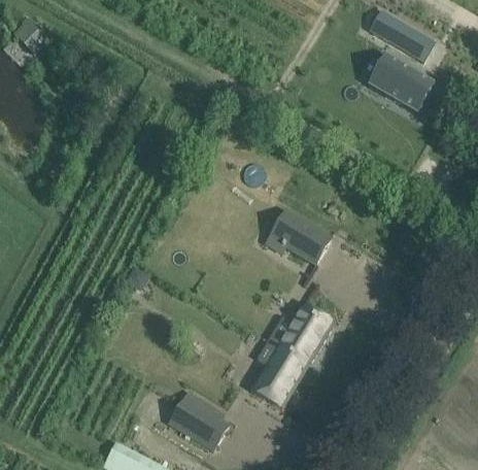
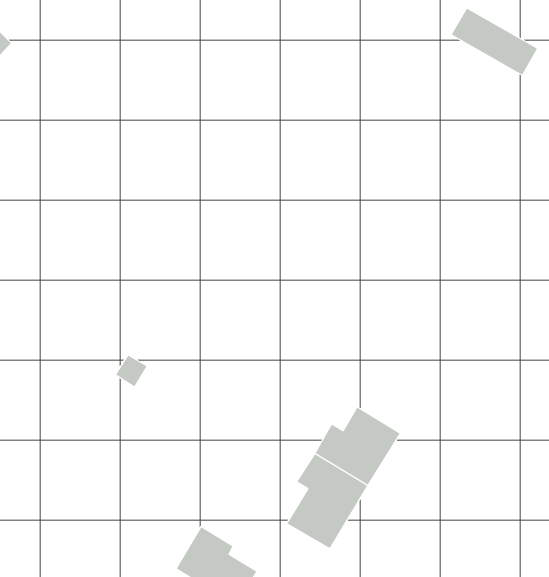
building: [367,53,436,112] -> none
building: [277,210,331,263] -> none

